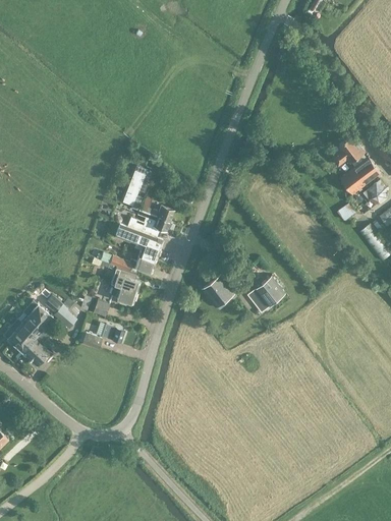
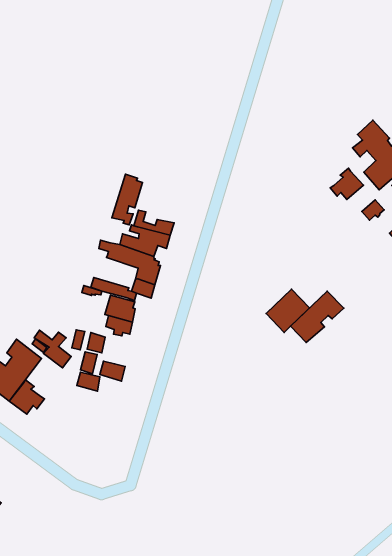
building: none -> [330,168,364,200]
building: [204,275,235,306] -> none
building: none -> [290,291,344,343]

